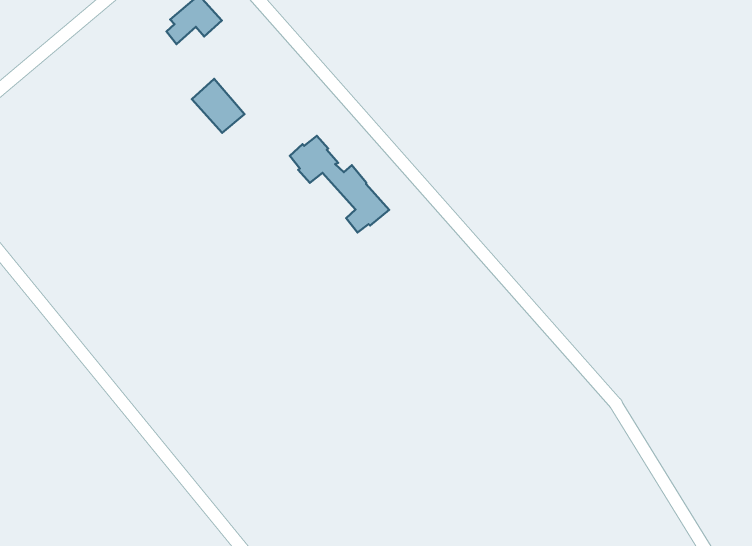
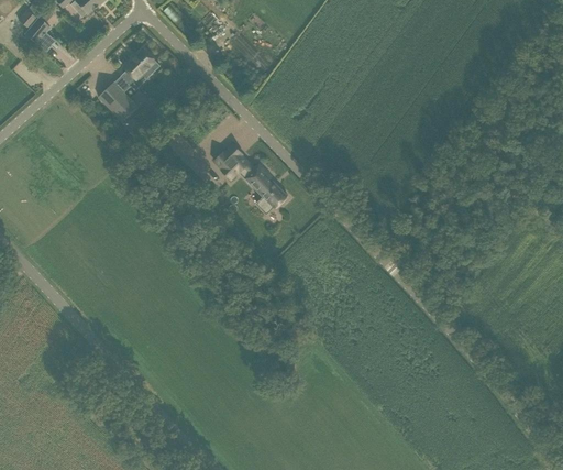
building: [192,79,244,133] -> [99,81,137,120]

